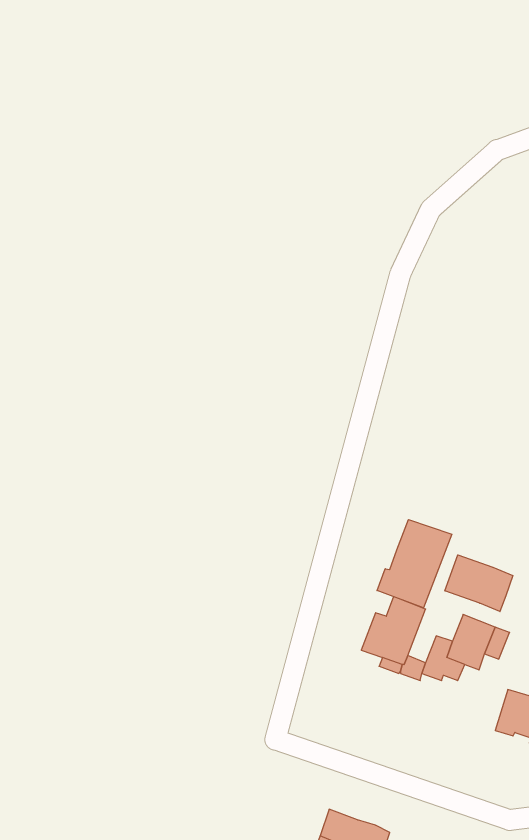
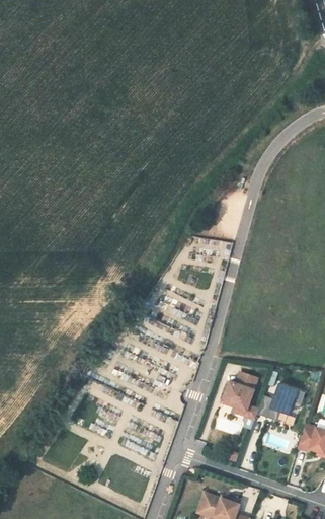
building: [377,520,452,608] -> none
building: [445,555,513,612] -> none

